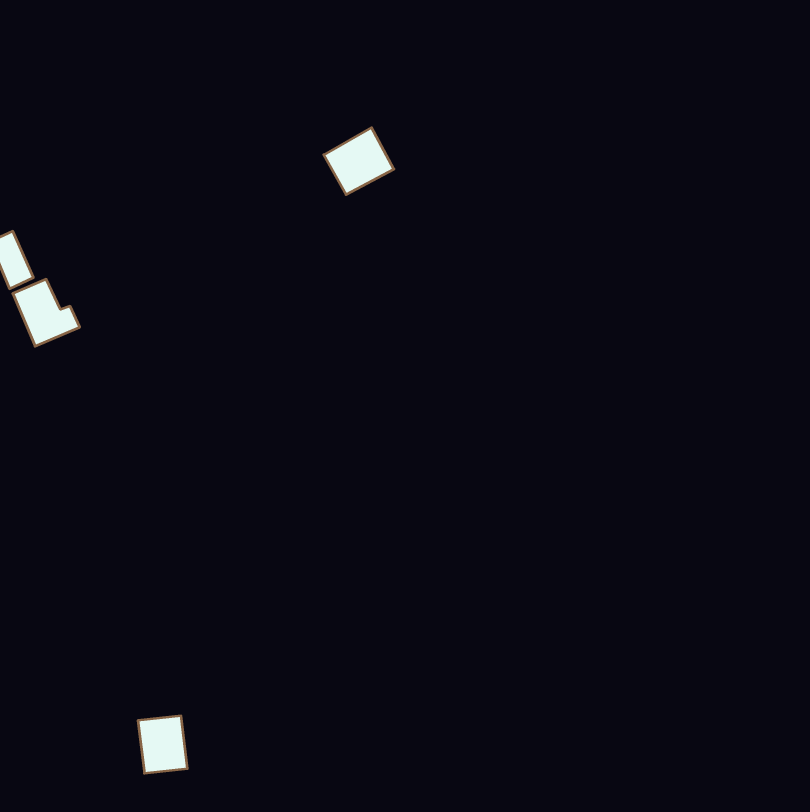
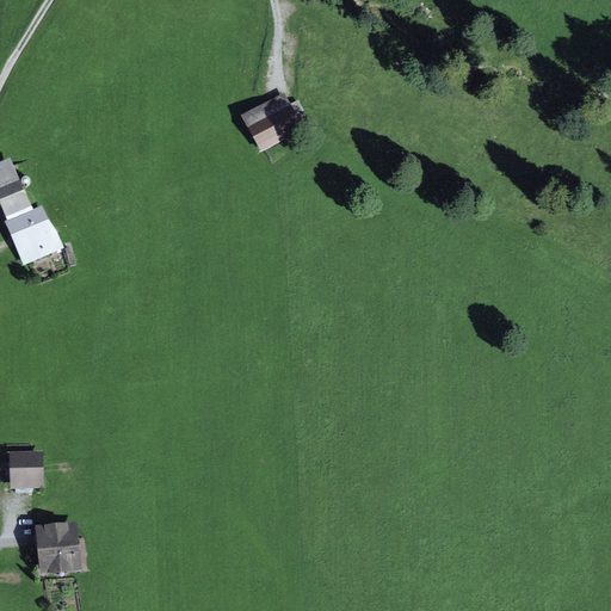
building: none -> [11,455,36,480]
building: [138,716,187,773] -> [37,526,74,569]

